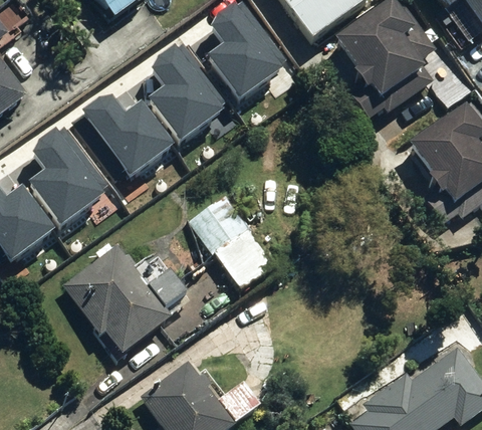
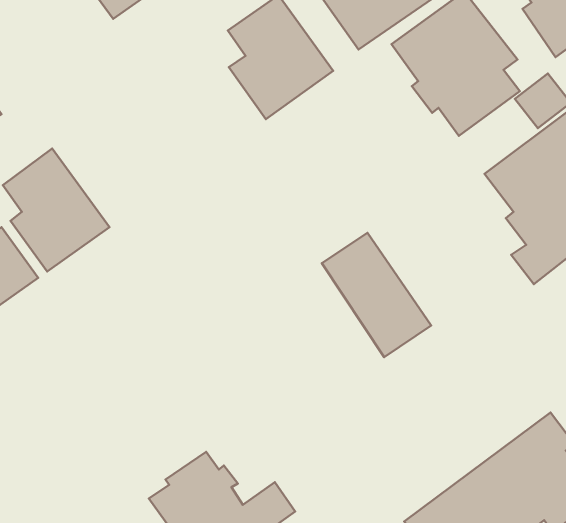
building: [143,41,226,138] -> none
building: [83,94,172,175] -> none
building: [193,193,279,291] -> [322,233,431,357]
building: [66,240,188,359] -> none

